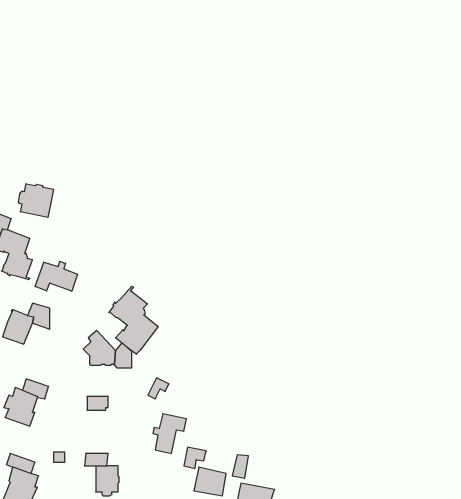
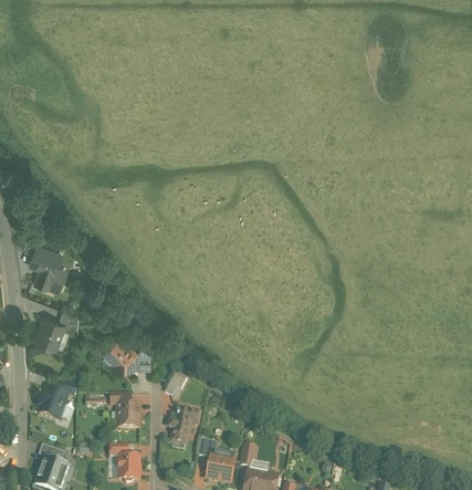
building: [18,184,54,217] -> none
building: [35,261,78,291] -> none
building: [109,286,158,354] -> none
building: none -> [116,405,137,429]

